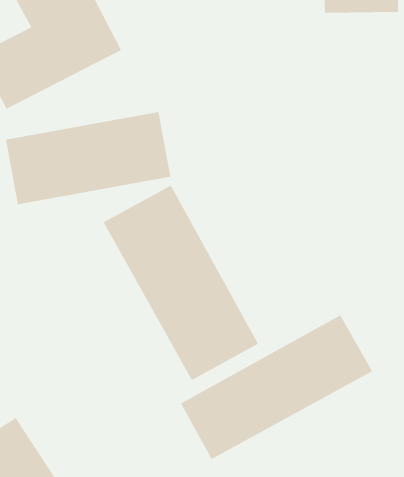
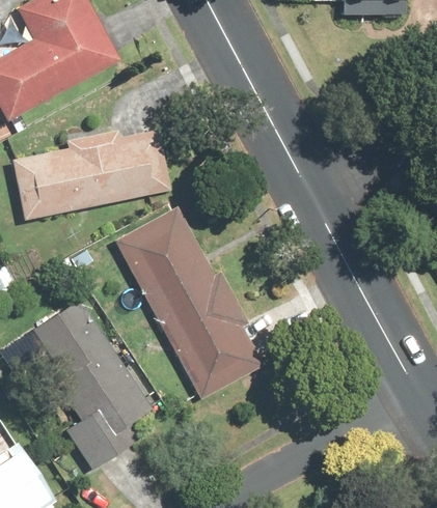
building: none -> [23,293,165,472]
building: [180,314,373,460] -> none

